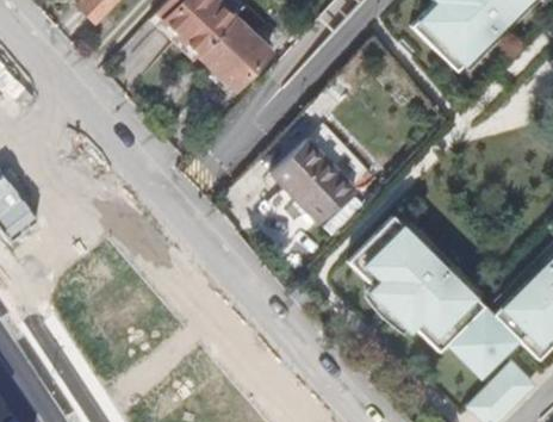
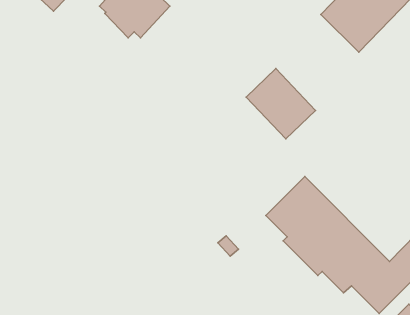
building: [203,17,275,95] -> none
building: [275,139,356,222] -> [246,68,316,139]

